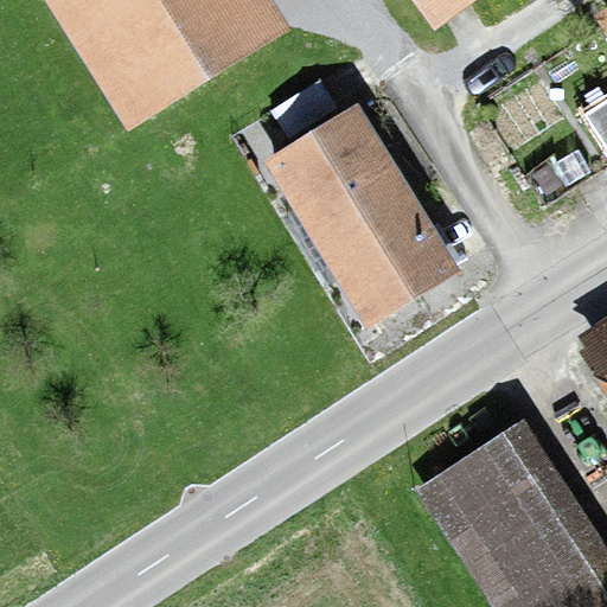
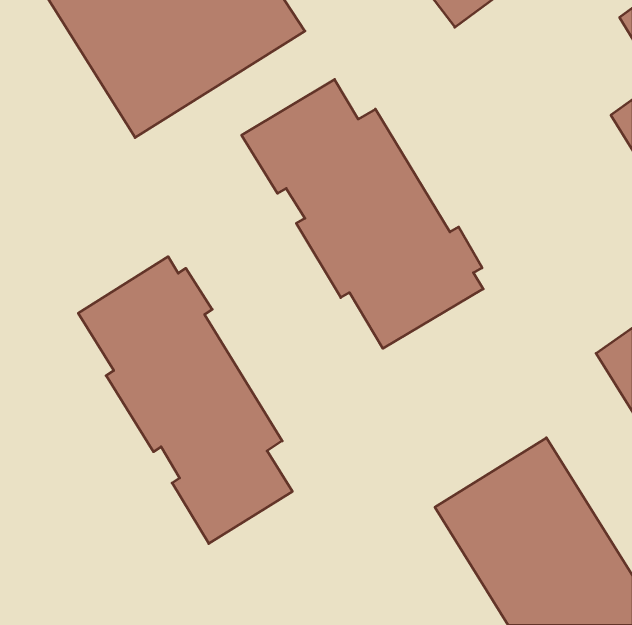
building: none -> [78,257,292,544]

